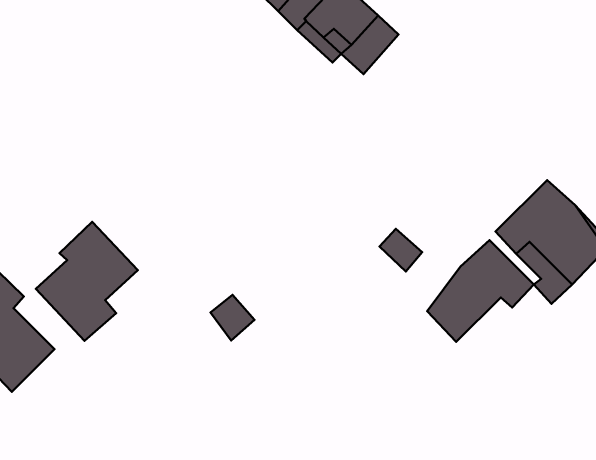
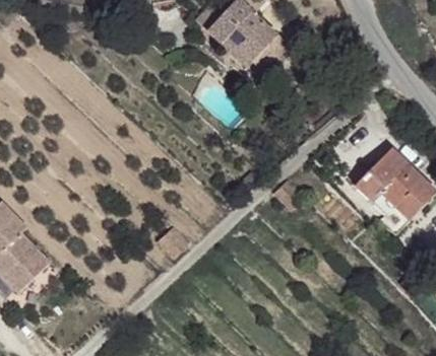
building: [36,222,138,341] -> none
building: [427,240,534,342] -> none

